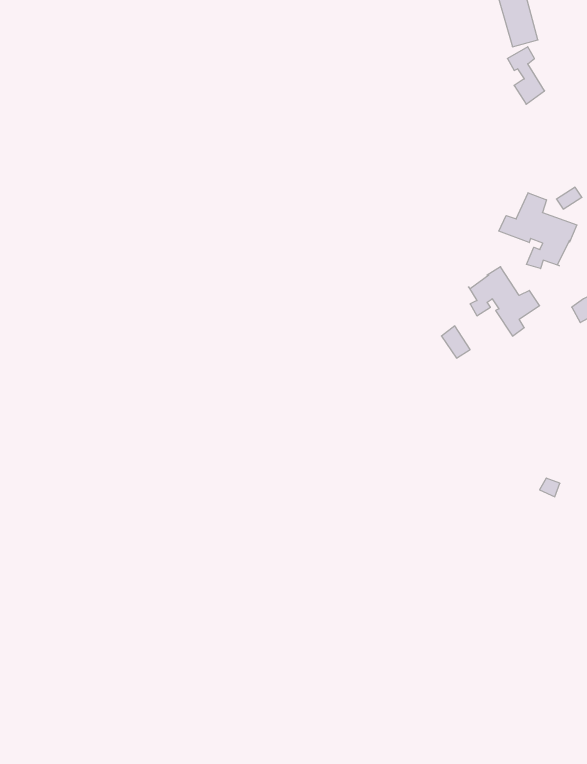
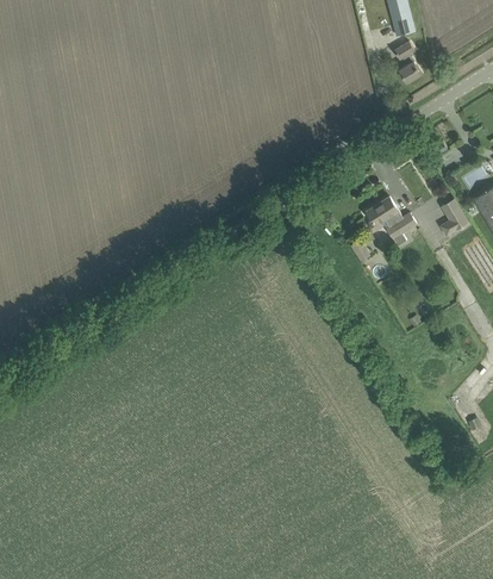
building: [499,193,577,269] -> none

